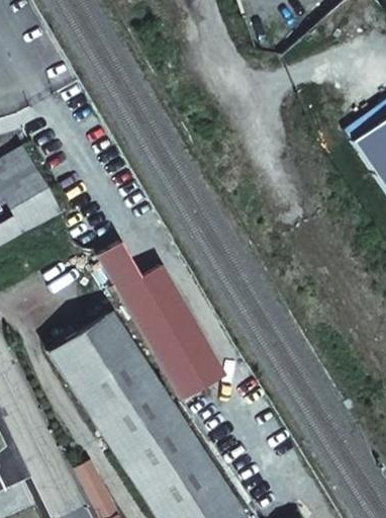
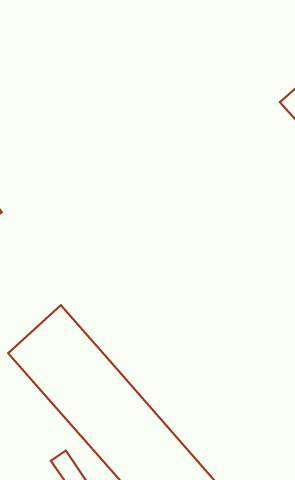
building: [98,242,224,400] -> none

